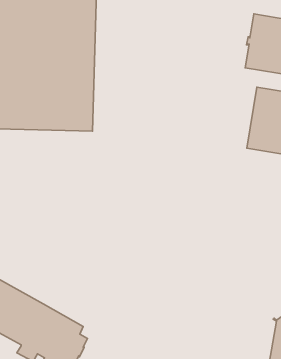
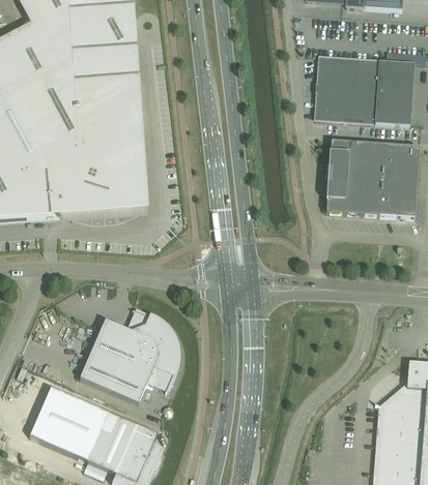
building: none -> [80,309,177,403]

